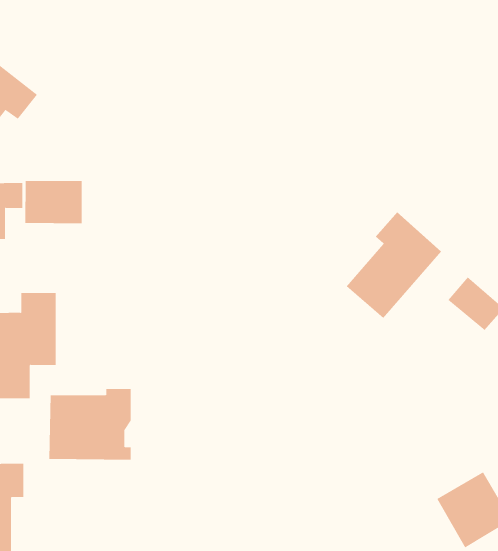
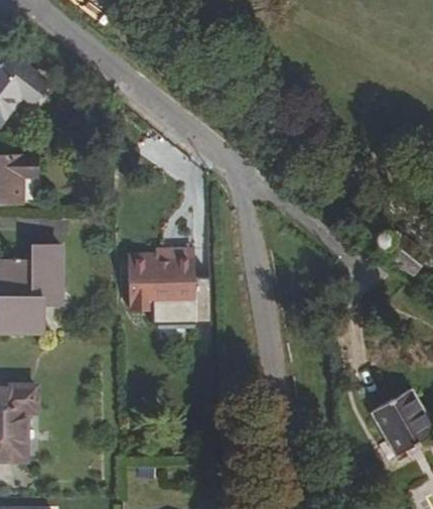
building: [25,180,82,224] -> none
building: [346,211,442,319] -> none
building: [48,389,131,460] -> [128,248,195,306]

